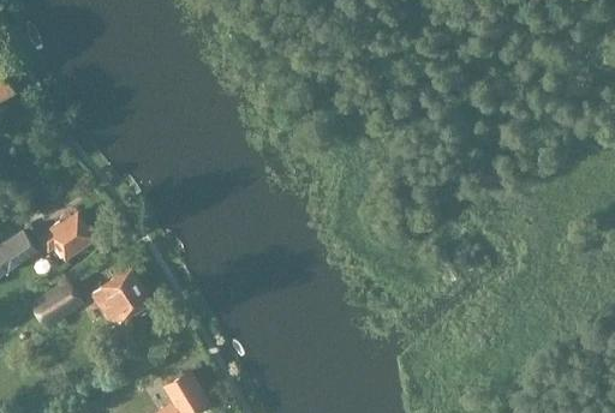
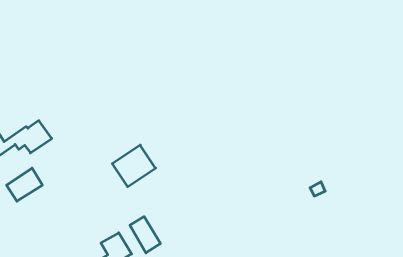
building: [90,269,151,328] -> [112,145,156,187]
building: none -> [130,217,160,253]

